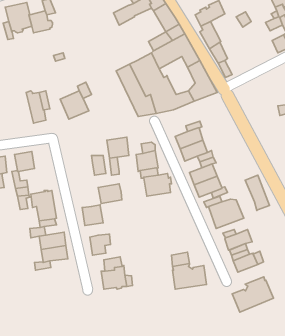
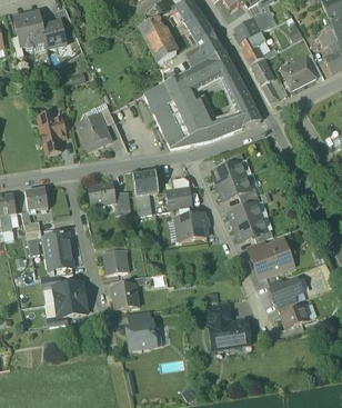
building: none -> [147,29,177,61]
building: none -> [281,54,316,88]
building: [245,175,269,210] -> none
building: [98,184,122,204] -> [88,181,115,205]
building: [232,277,273,312] -> none

